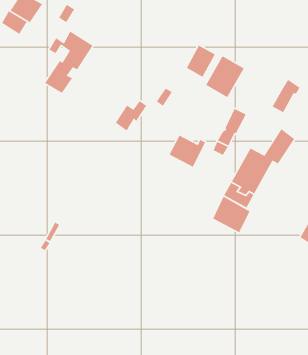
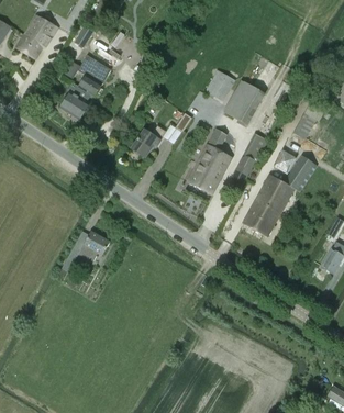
building: none -> [198,127,231,170]
building: [212,196,250,234] -> none
building: none -> [78,230,110,259]

